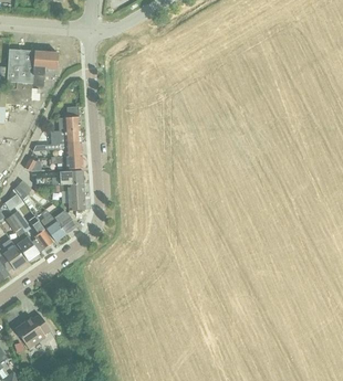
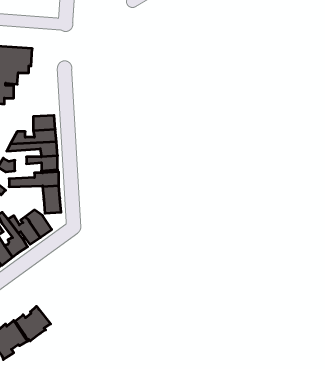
building: none -> [14,306,51,341]

